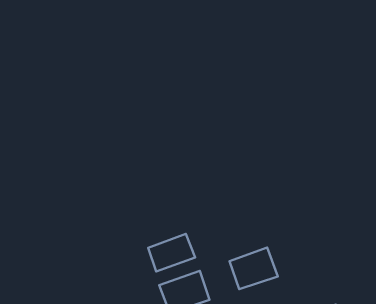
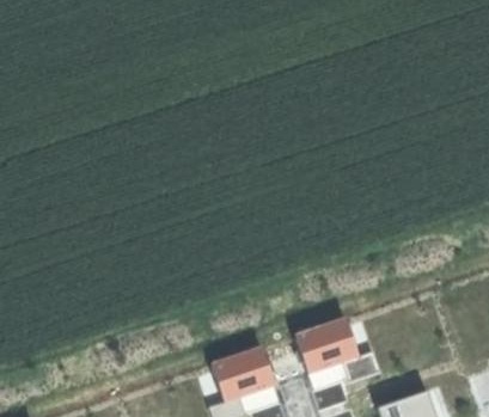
building: [148,234,195,272] -> none

